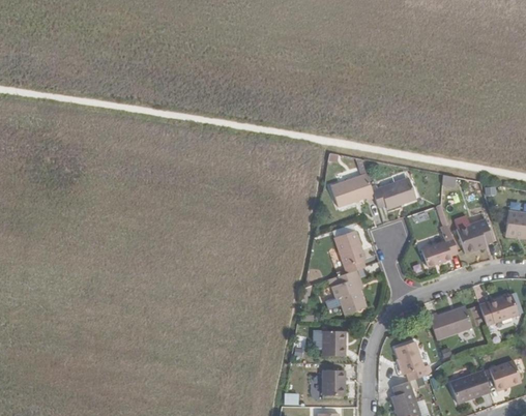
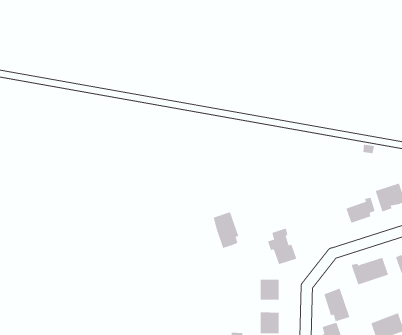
building: [328,171,373,205] -> none
building: [378,175,415,206] -> none
building: [333,229,364,272] -> [213,211,239,248]

